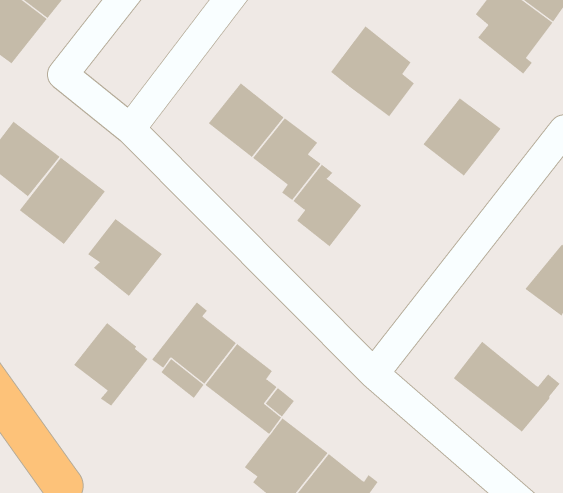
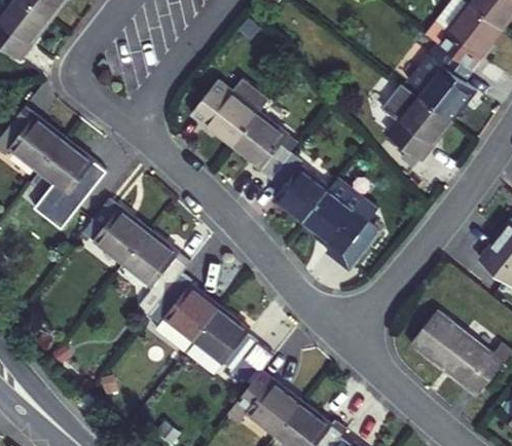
building: [330,26,415,117] -> [403,38,478,119]
building: none -> [303,176,388,275]
building: [73,322,149,407] -> [125,230,192,305]

